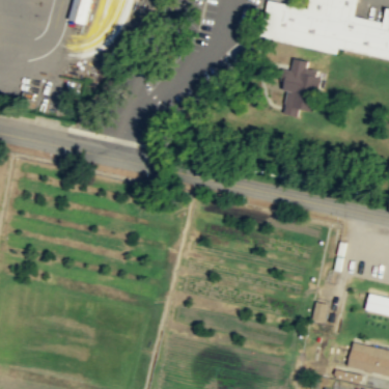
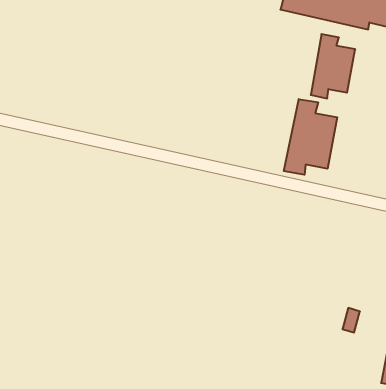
building: none -> [284,99,337,175]

